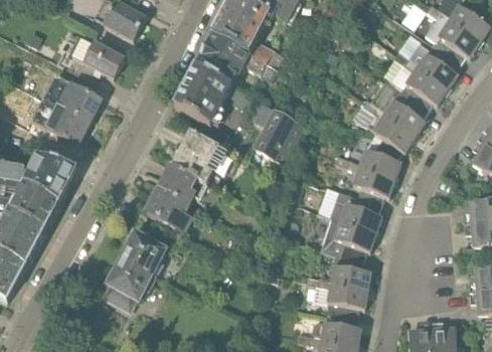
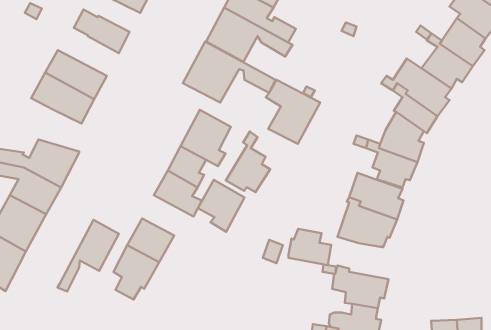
building: none -> [226,132,270,192]
building: none -> [198,180,244,232]
building: none -> [57,220,119,292]
building: [331,255,371,290] -> [288,229,331,265]

